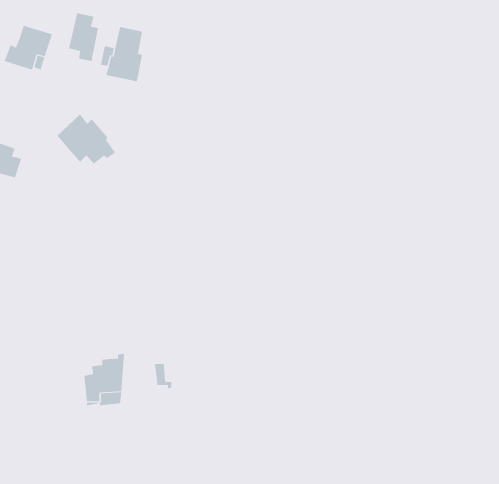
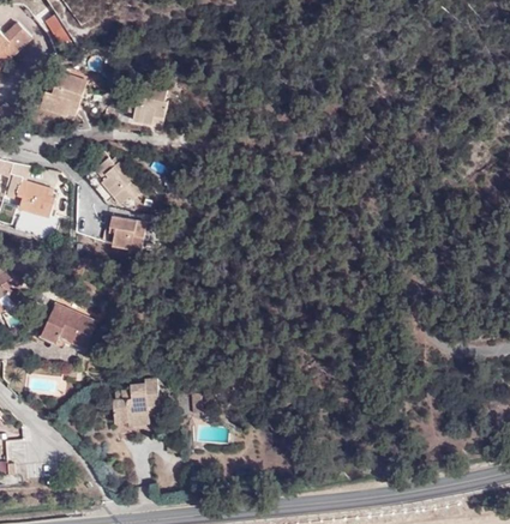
building: [68,13,98,62] -> none
building: none -> [112,216,148,251]
building: none -> [40,305,95,348]

